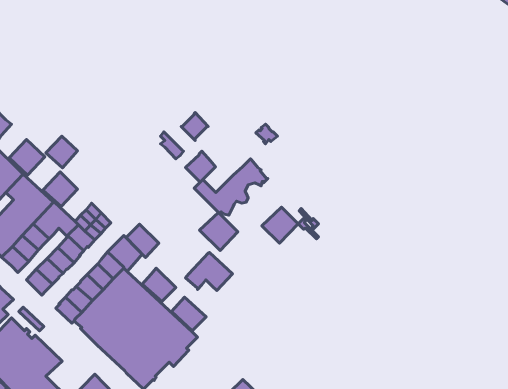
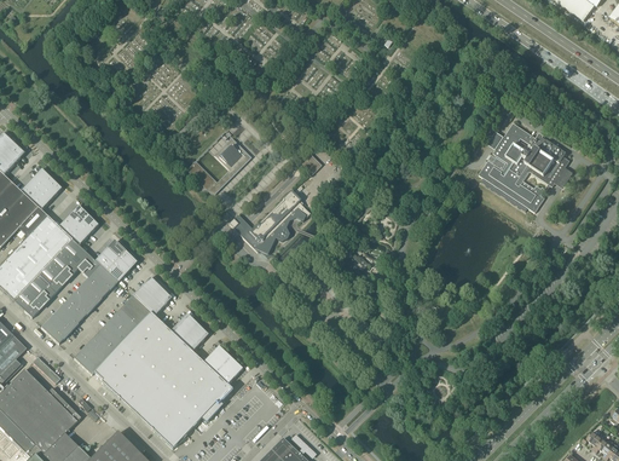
building: none -> [479,123,569,213]
building: [46,136,78,168] -> none
building: [185,151,216,182] -> none
building: [262,207,298,243] -> none
building: [200,212,238,251] -> none
building: [126,224,159,257] -> none
building: [185,253,233,290] -> none

